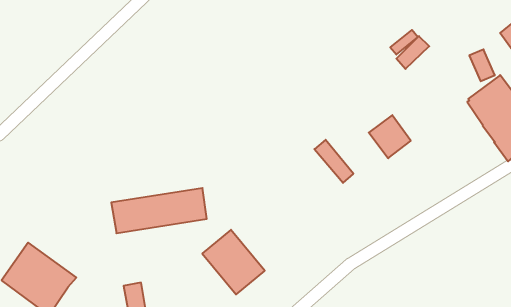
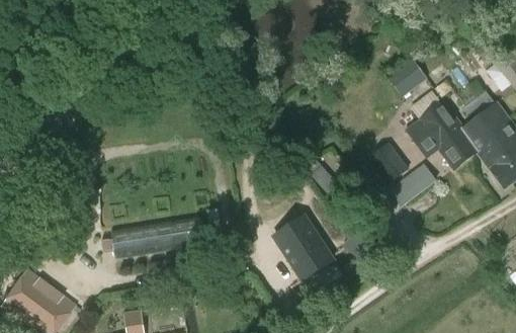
building: none -> [405,100,479,168]
building: none -> [391,163,436,203]
building: [202,230,265,294] -> [275,221,337,284]

